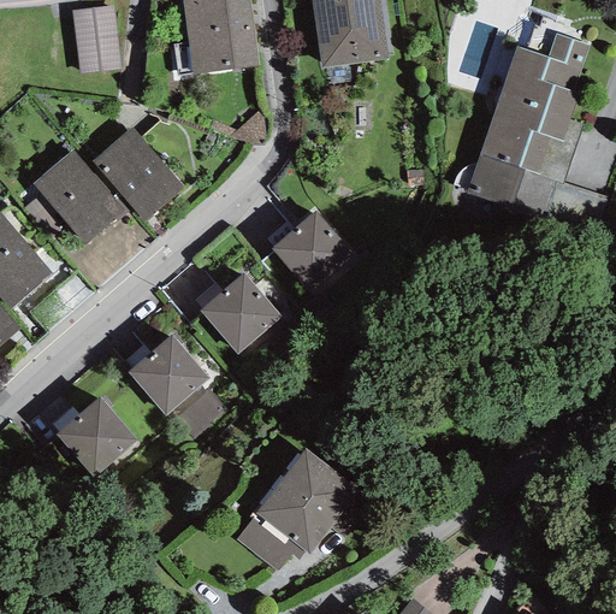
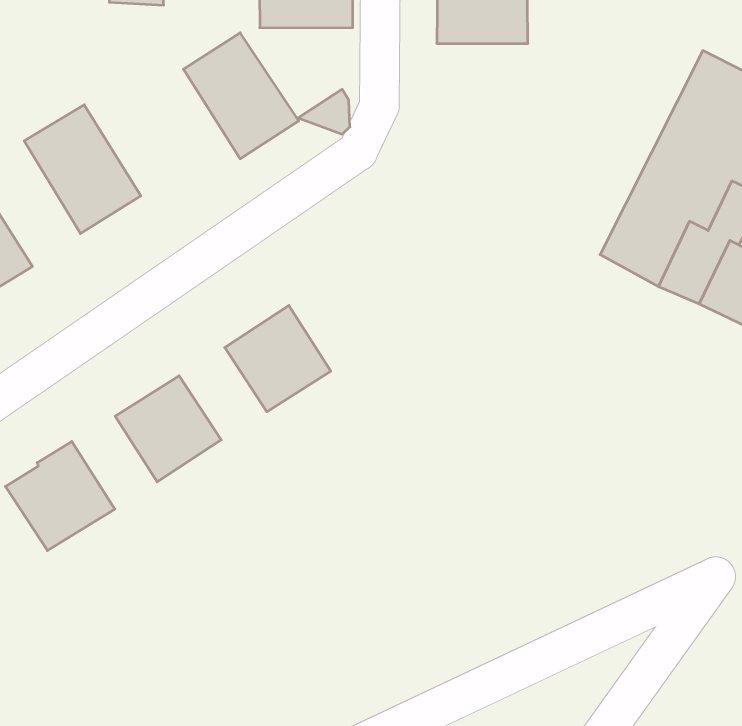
building: [93,126,182,218] -> [183,33,299,159]
building: [271,208,353,290] -> none
building: [236,444,359,569] -> none

